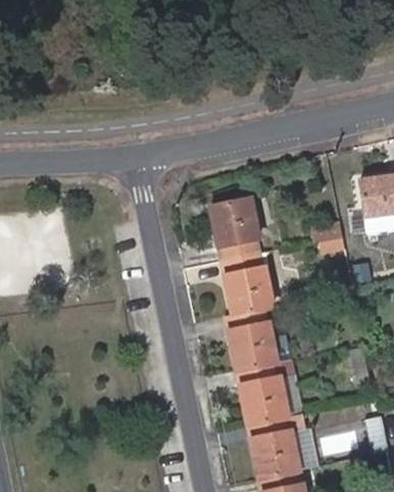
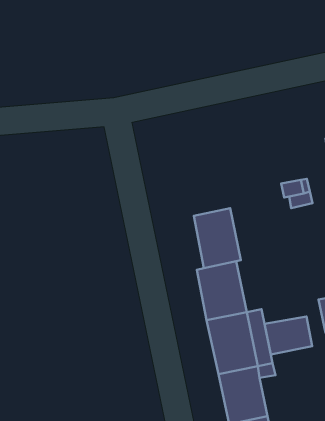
building: [211,202,260,263] -> none
building: none -> [265,316,312,354]

